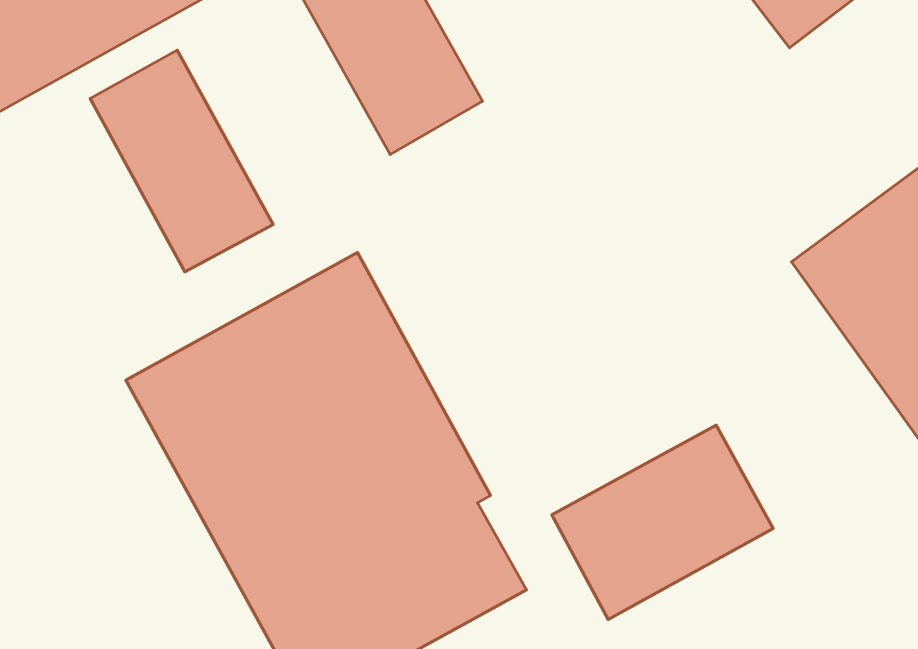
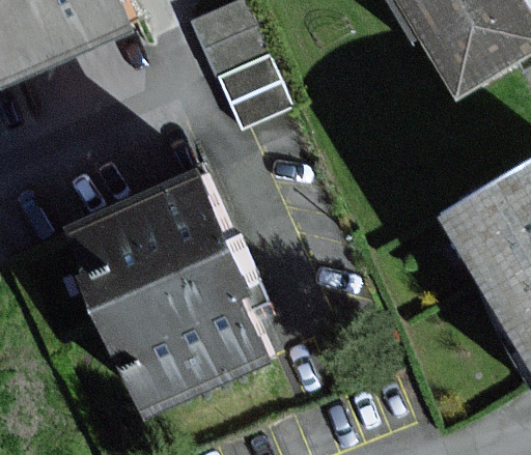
building: [90,50,273,272] -> none
building: [552,425,773,619] -> none

